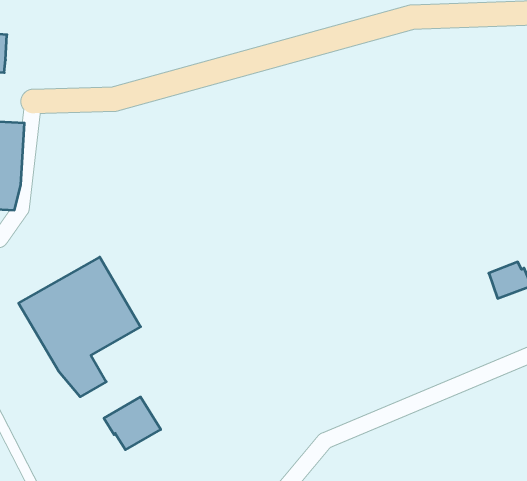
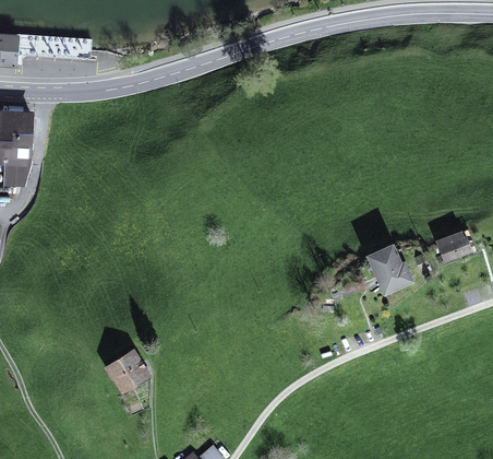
building: [19,257,141,397] -> none
building: none -> [365,244,413,296]

